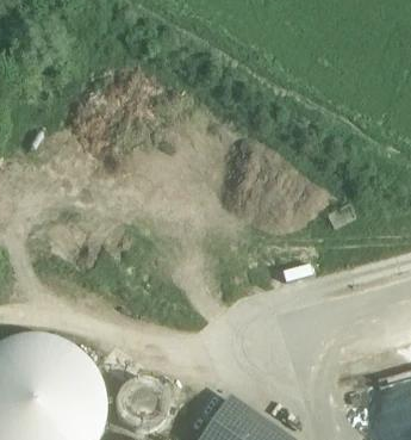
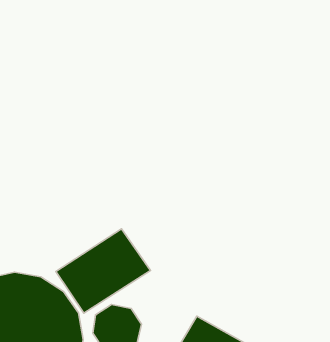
building: none -> [56,229,150,313]

